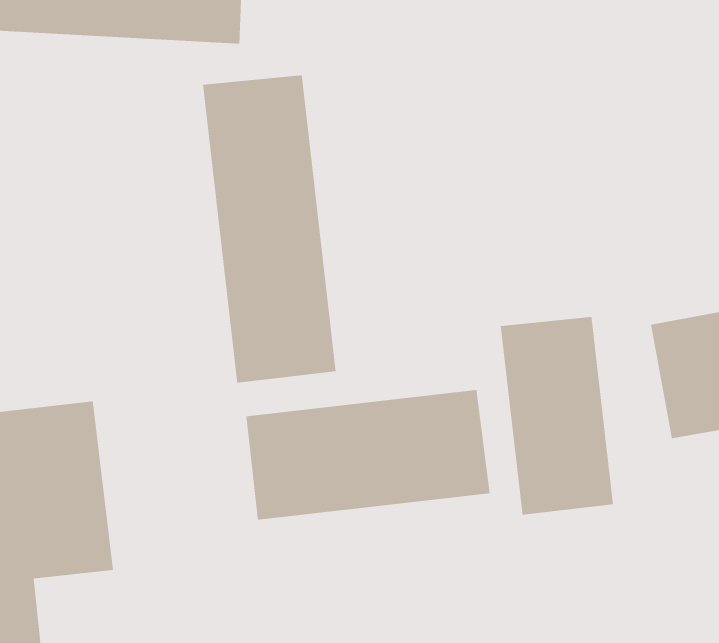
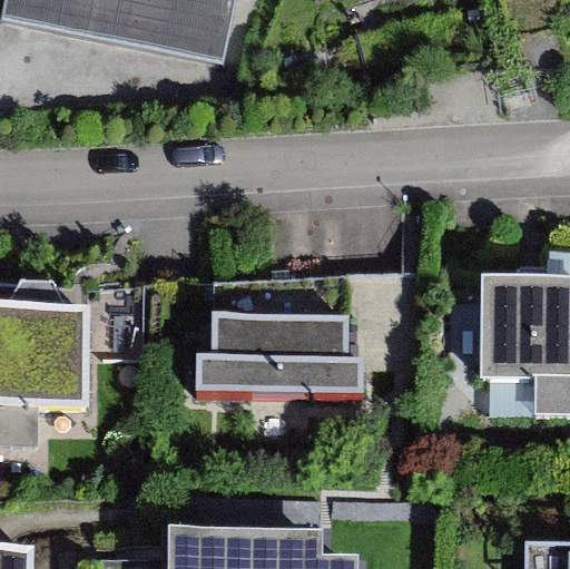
building: [203,75,336,383] -> none
building: [500,316,614,515] -> none

